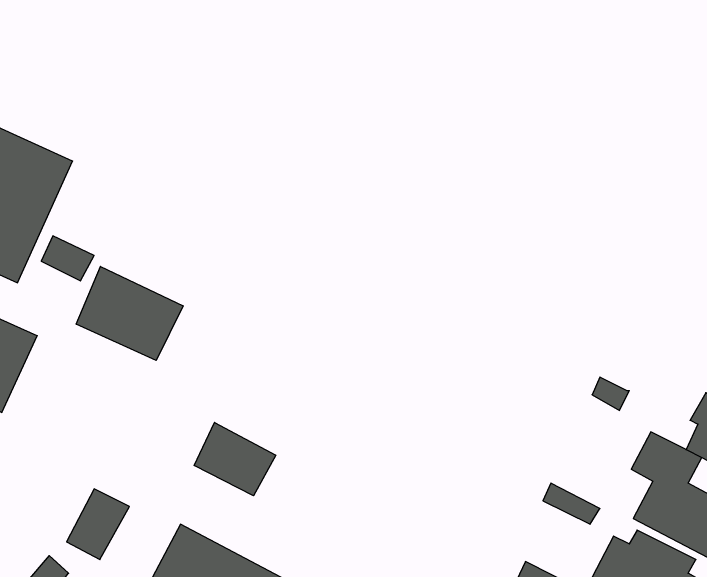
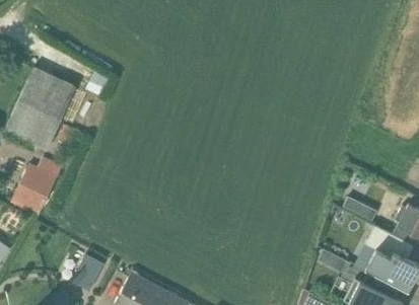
building: [76,266,183,360] -> none
building: [194,422,276,496] -> none

